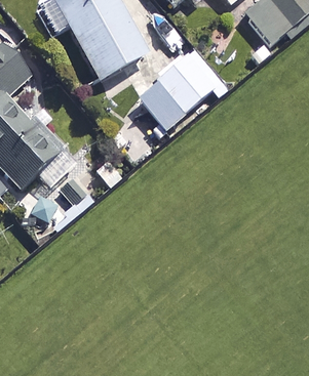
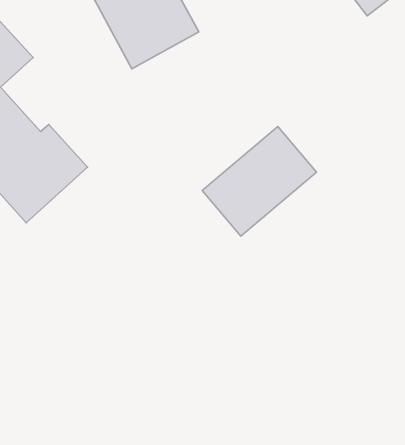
building: [138,48,220,127] -> [202,126,316,236]

